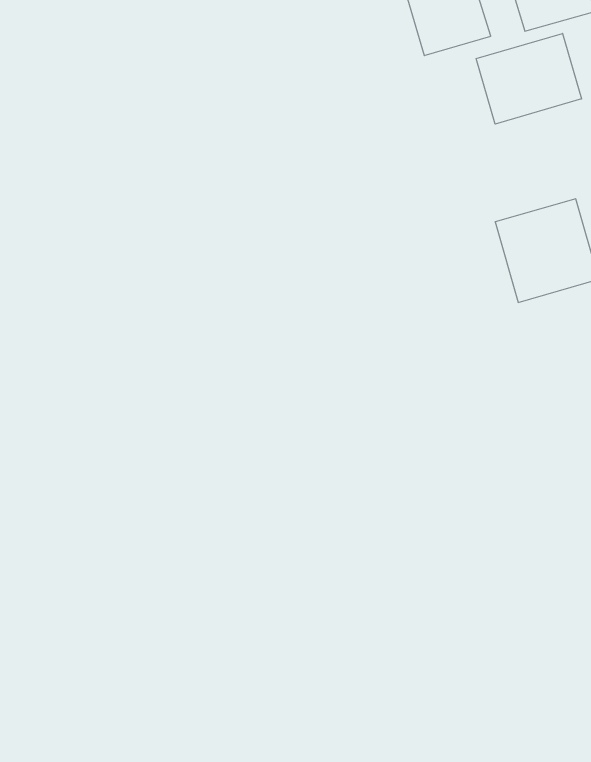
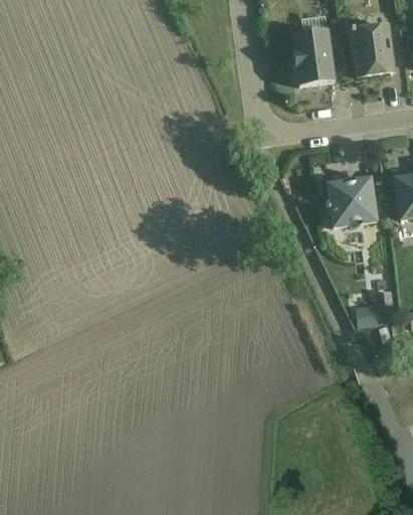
building: [476,33,582,124] -> none

